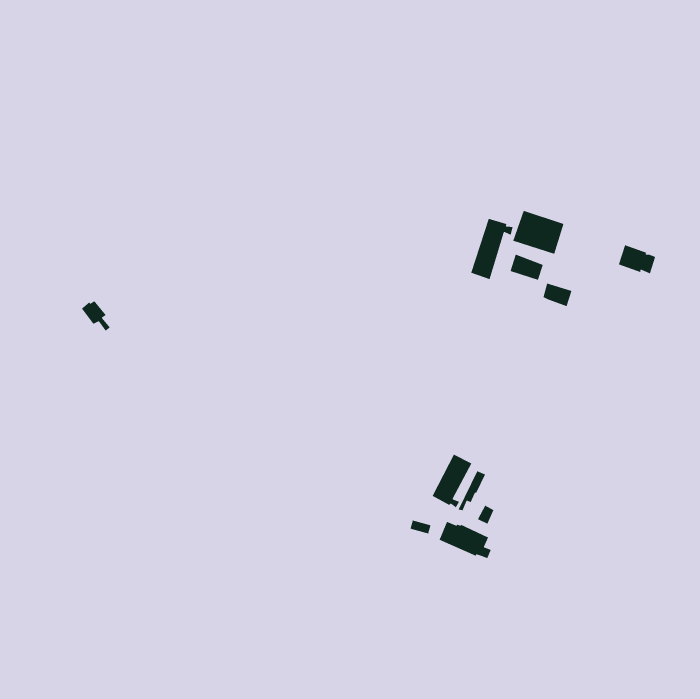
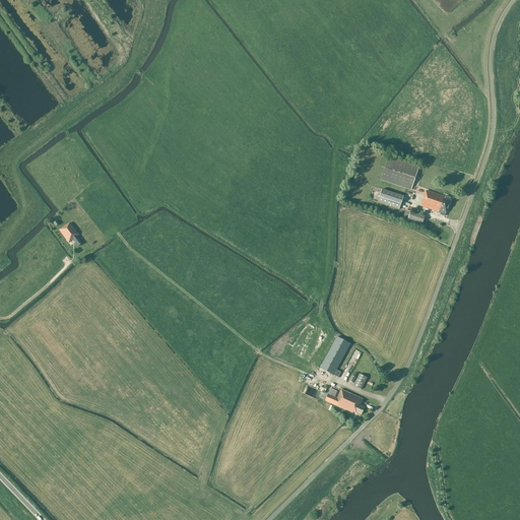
building: [470,218,514,280] -> none
building: [618,244,656,274] -> [421,190,450,212]

